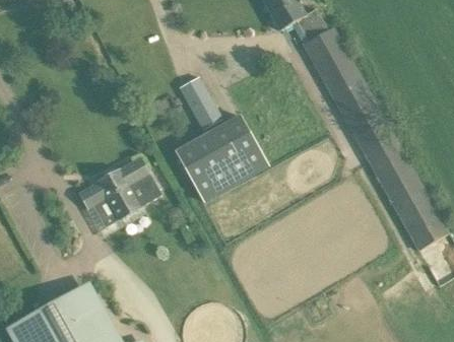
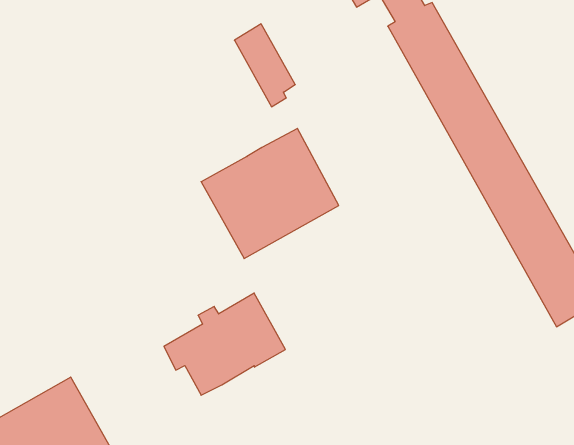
building: [181,76,222,133] -> [234,24,295,107]
building: [79,156,163,226] -> [164,293,285,395]

